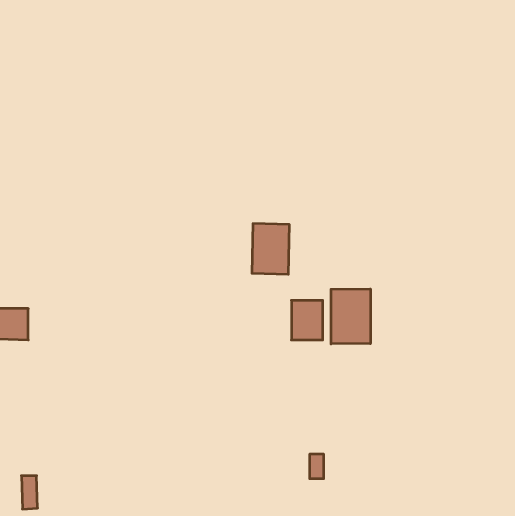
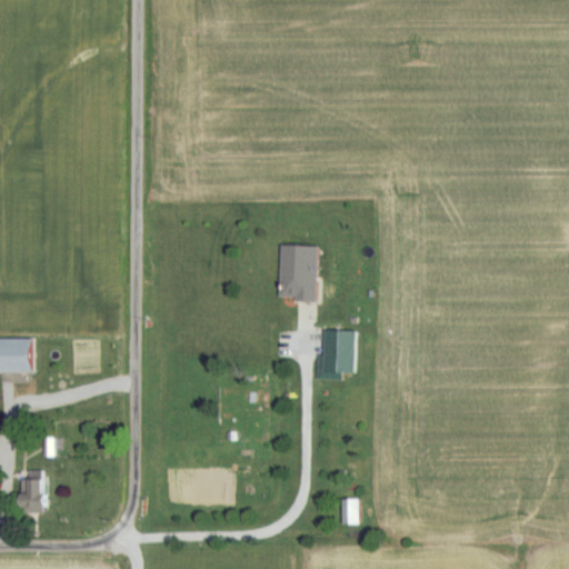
building: [331,289,370,344] -> none
building: [21,476,38,509] -> [26,471,43,508]

